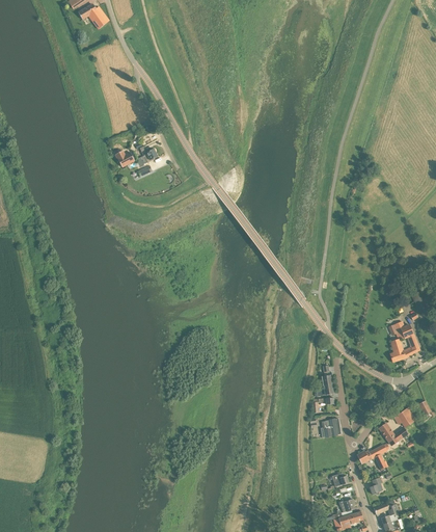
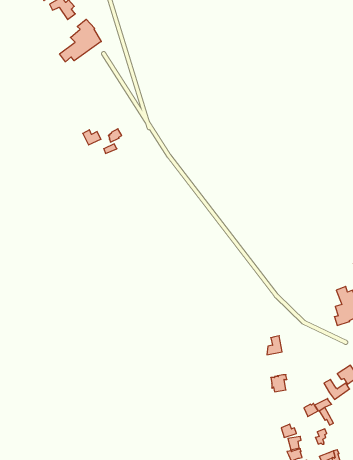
building: none -> [60,19,101,62]

